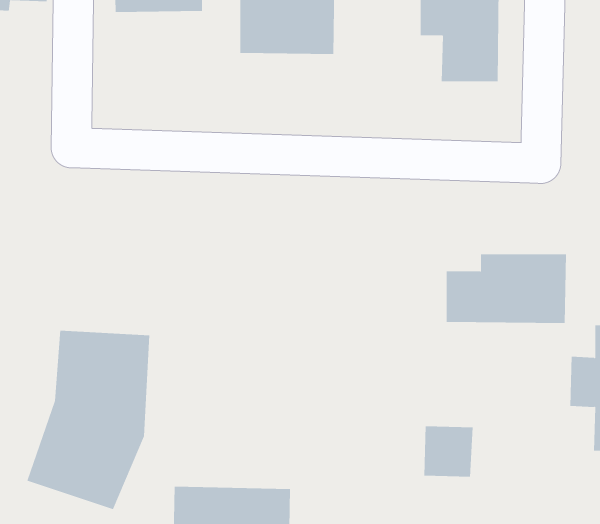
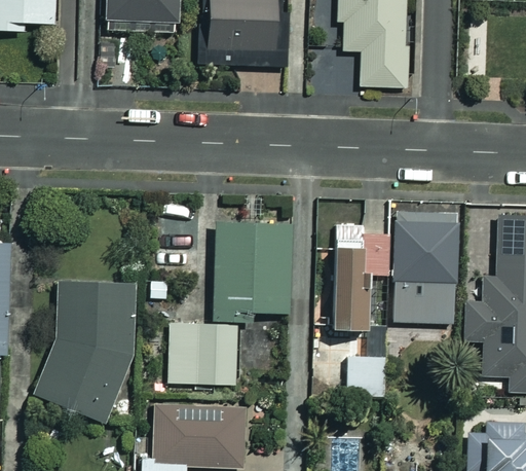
building: none -> [214,223,292,321]
building: none -> [330,225,366,330]
building: none -> [396,283,454,323]
building: none -> [168,325,239,384]

